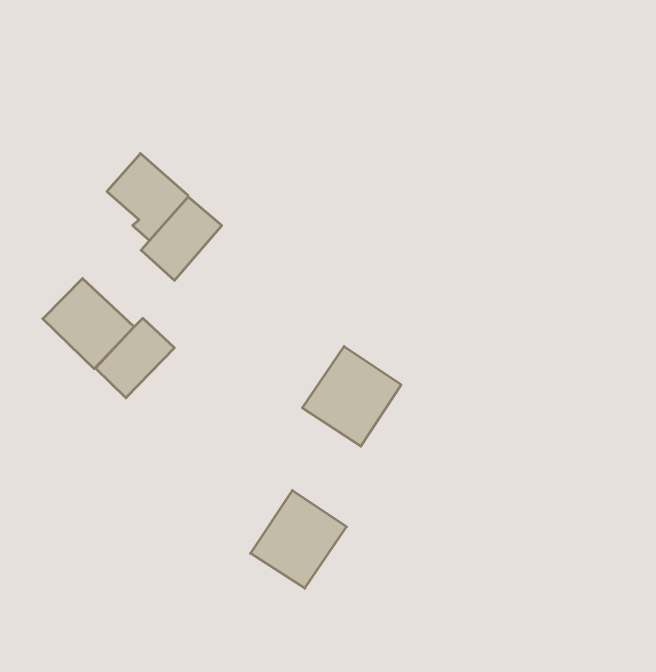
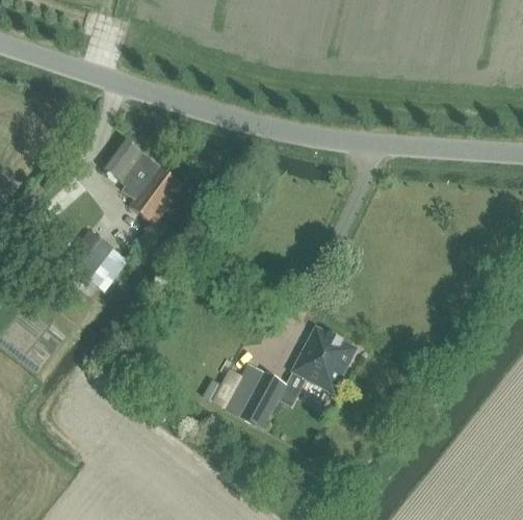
building: [96,318,174,398] -> none
building: [302,346,401,446] -> [291,326,358,393]

